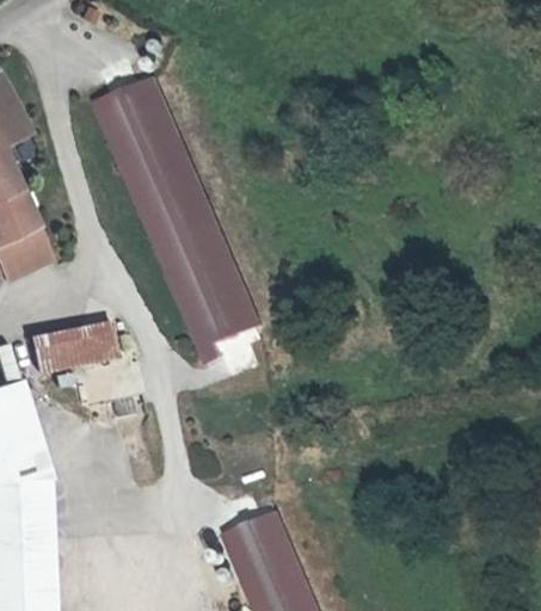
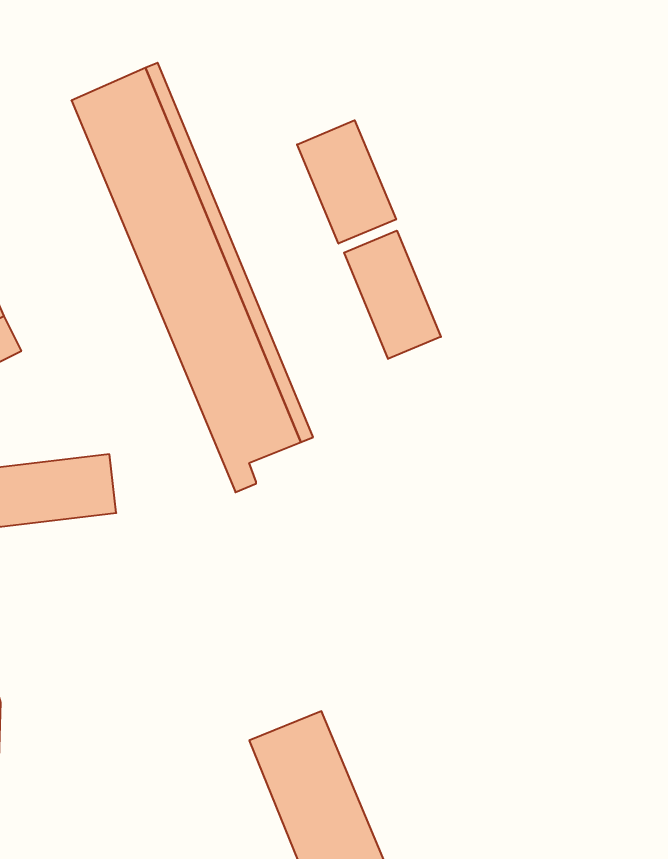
building: none -> [297,120,396,244]
building: none -> [344,231,441,359]

